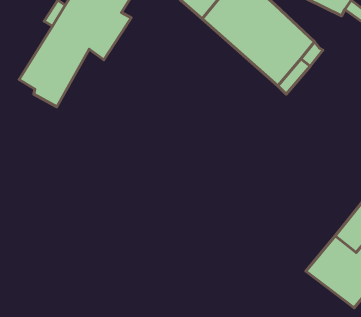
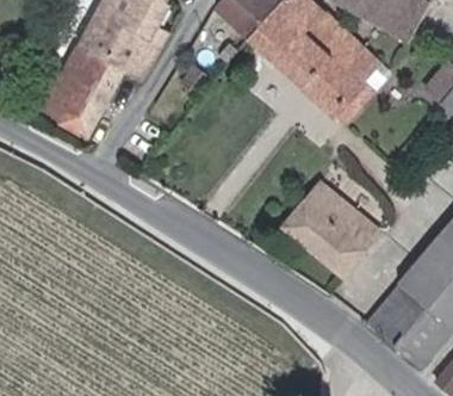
building: none -> [278,186,379,279]

